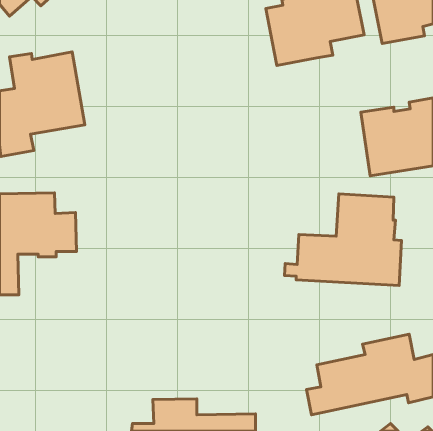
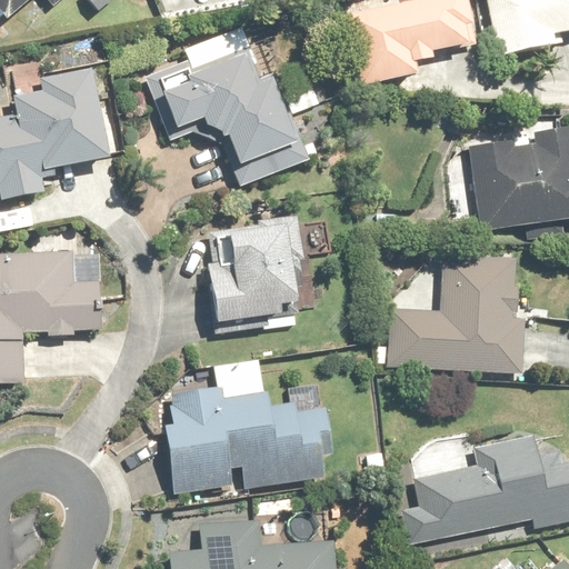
building: none -> [158,29,305,186]
building: none -> [211,219,305,329]
building: none -> [168,359,331,490]

